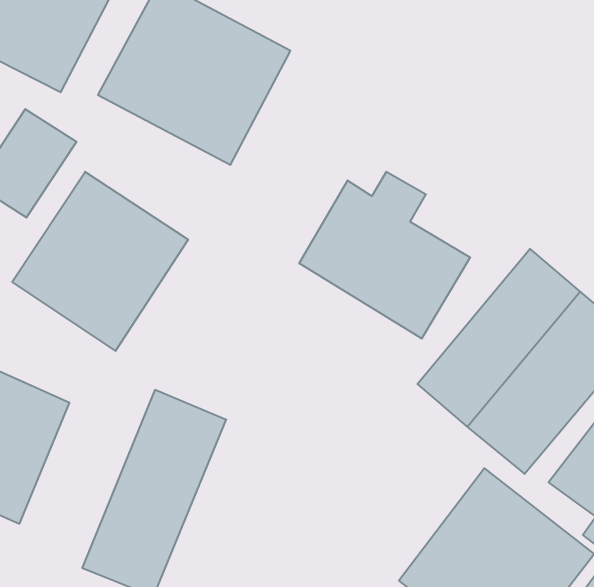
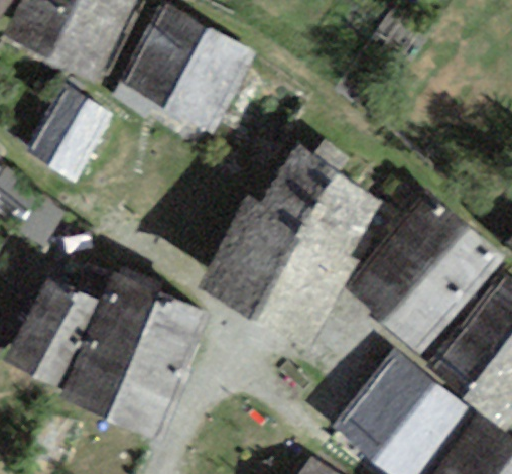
building: [12,172,188,351] -> none
building: none -> [197,196,356,347]
building: none -> [59,273,160,420]

